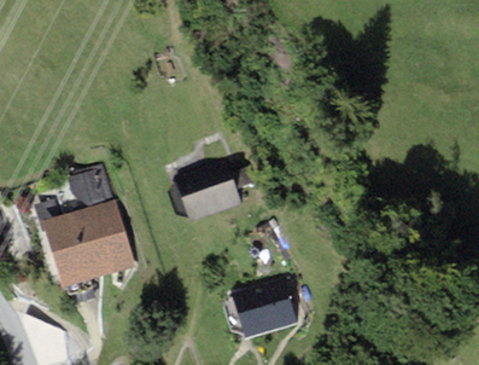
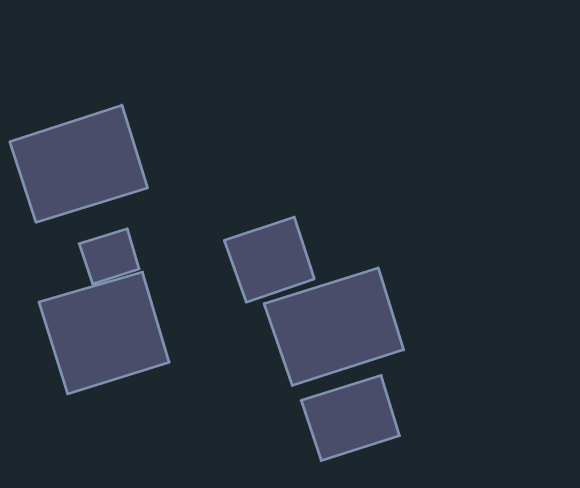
building: none -> [10,105,147,222]
building: none -> [264,268,404,386]

